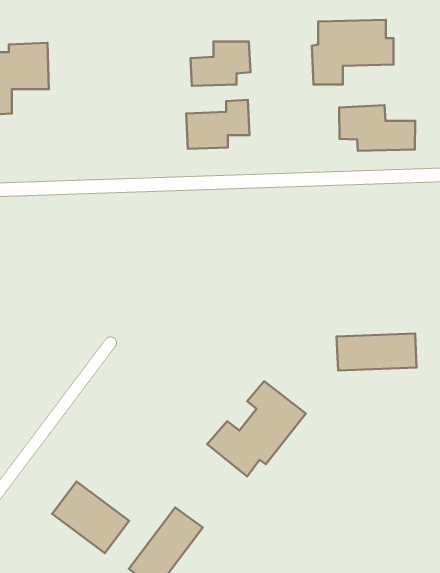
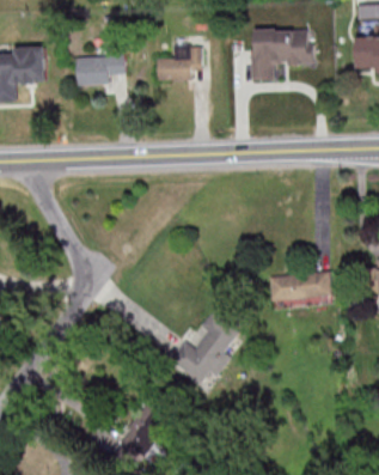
building: [186,100,249,149] -> [75,47,124,85]
building: [339,105,415,151] -> none
building: [52,481,129,553] -> none

